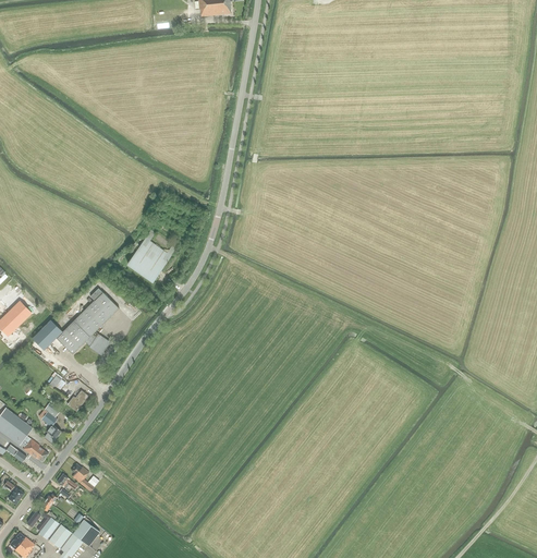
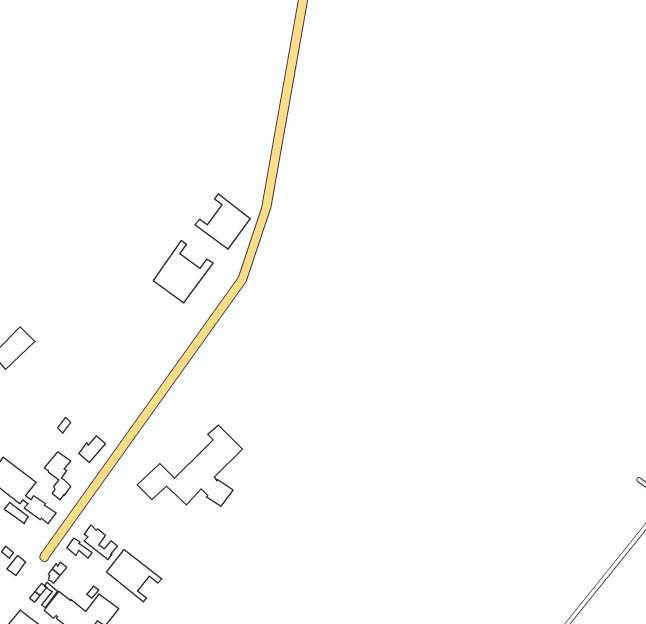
building: none -> [195,194,250,249]
building: [32,289,118,355] -> [137,425,242,506]
building: none -> [107,550,162,602]

